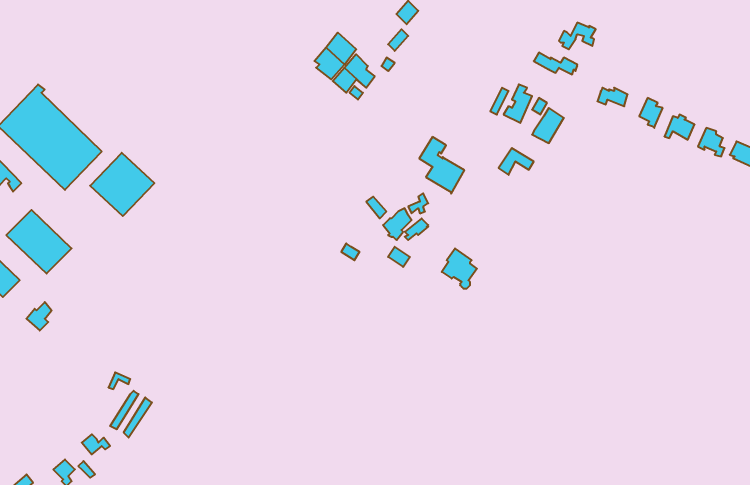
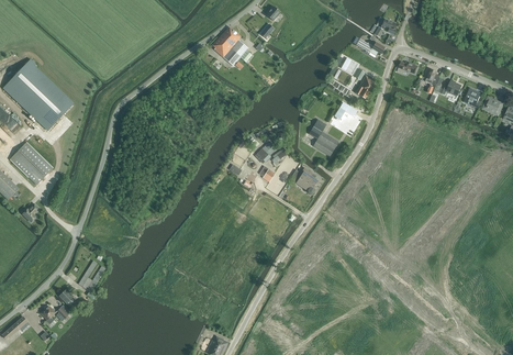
building: [419,137,464,194] -> [309,120,338,157]
building: [90,153,154,216] -> none

